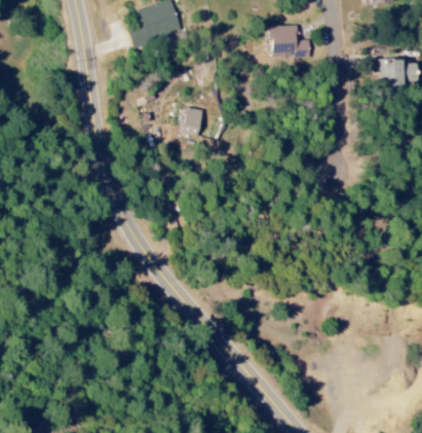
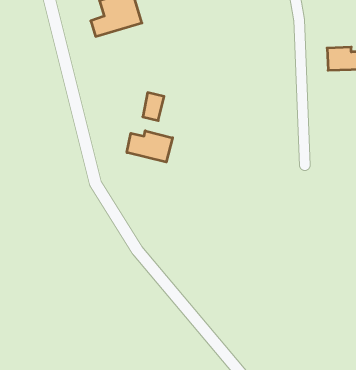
building: [269,25,310,58] -> none
building: none -> [127,131,173,162]

